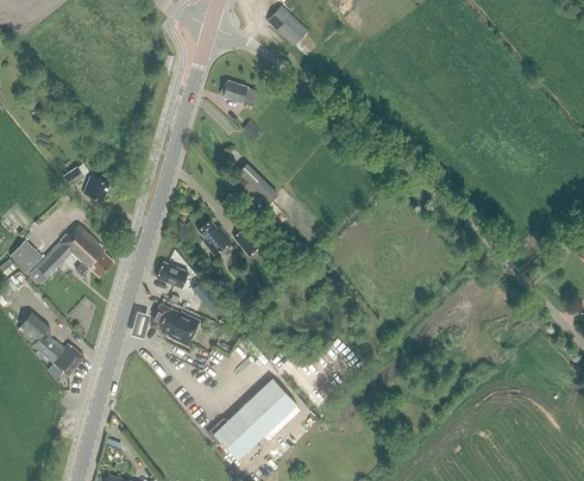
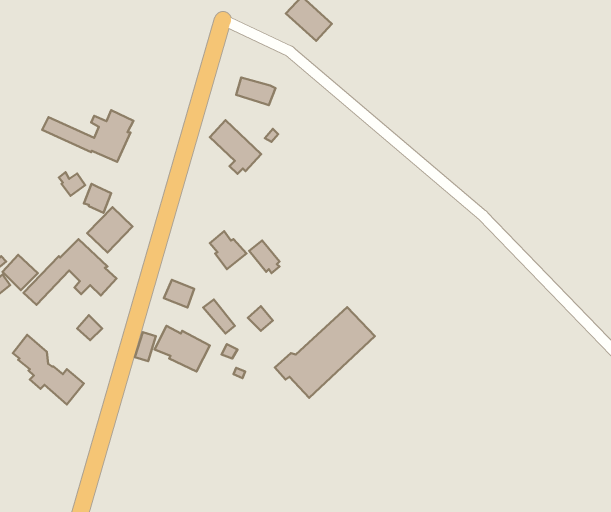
building: none -> [42,110,133,162]
building: [232,162,278,211] -> [210,120,261,174]
building: none -> [87,207,133,253]
building: [207,377,297,460] -> [275,307,375,398]

